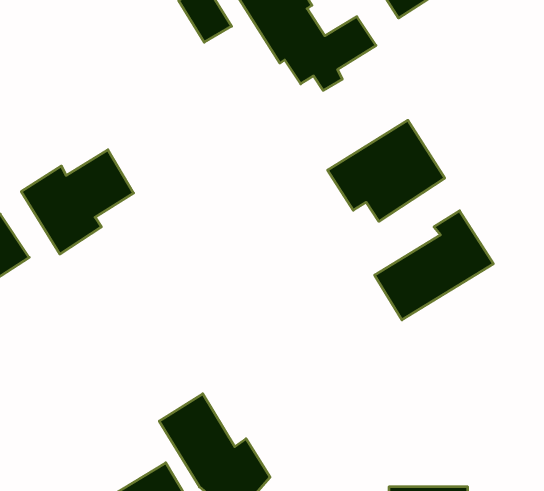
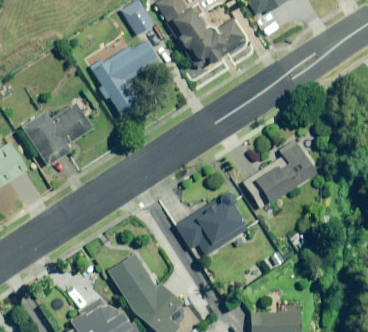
building: none -> [88,39,158,115]
building: [328,120,445,221] -> [175,192,248,255]

